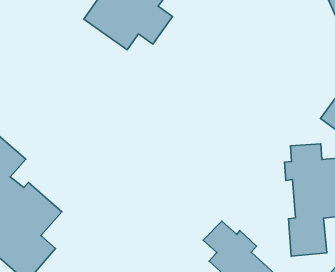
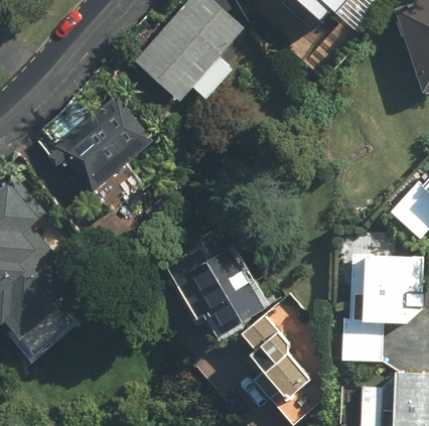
building: none -> [47,95,154,210]
building: none -> [168,248,266,329]

